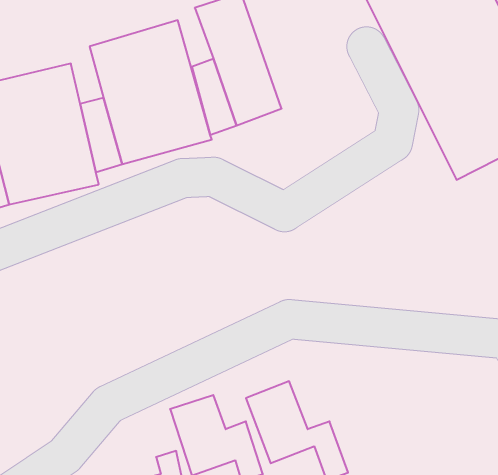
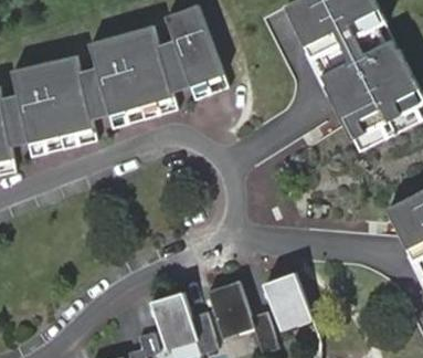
building: none -> [256,272,305,330]

